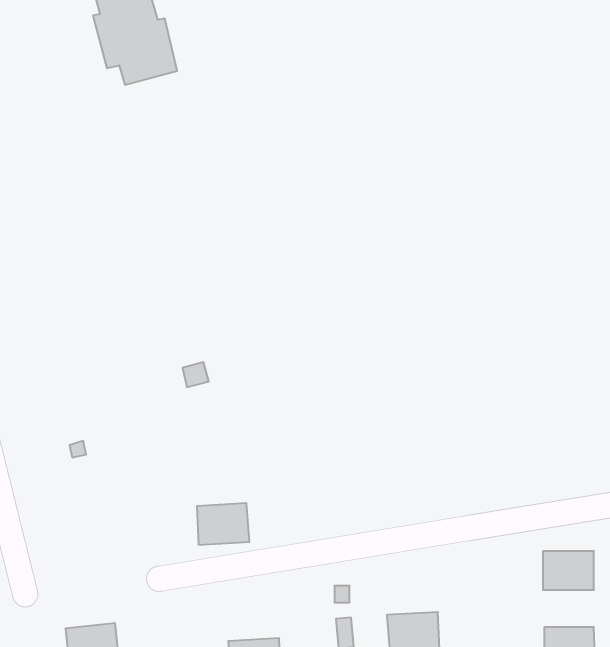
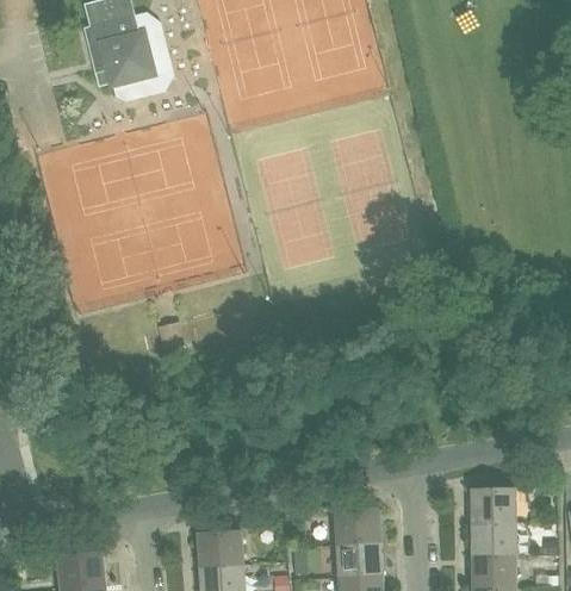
building: [197,503,249,545] -> [198,533,243,568]
building: none -> [334,510,380,546]
building: none -> [471,524,515,556]

